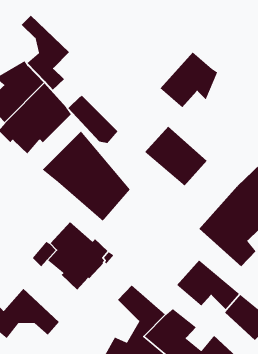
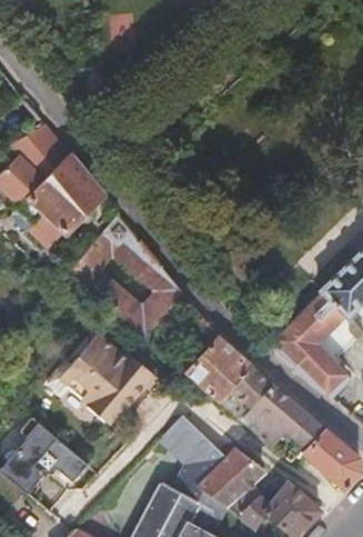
building: [21,15,70,90] -> none
building: [159,51,218,108] -> none
building: [67,95,119,144] -> none
building: [144,126,207,186] -> [189,339,271,418]

